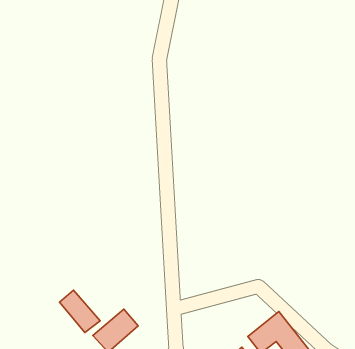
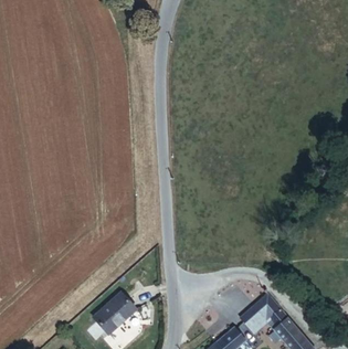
building: [59,290,100,333] -> none

